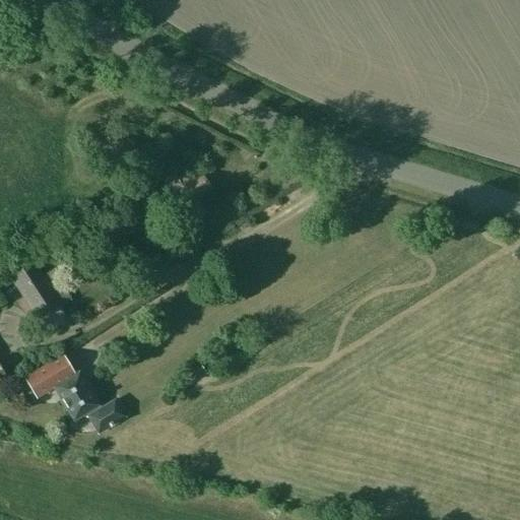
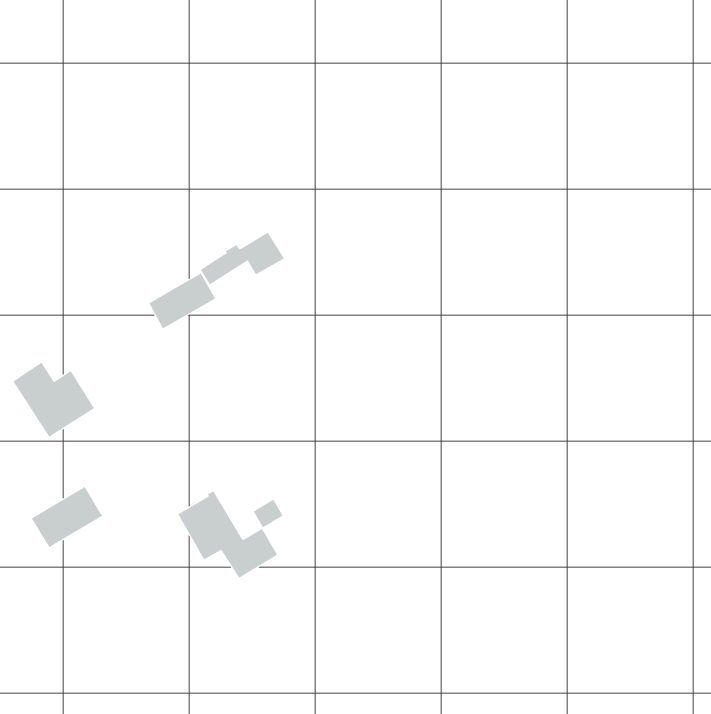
building: none -> [149,272,216,329]
building: [55,371,128,435] -> [177,490,278,578]

